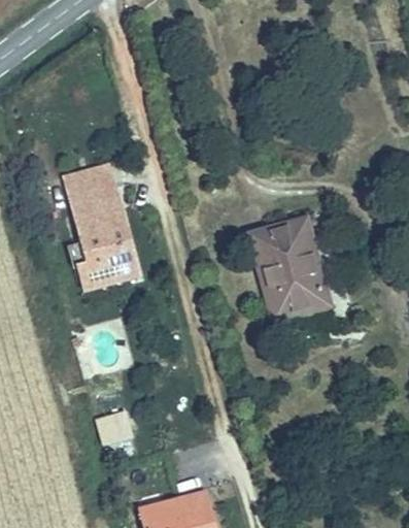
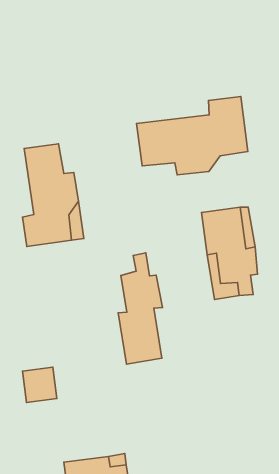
building: none -> [136,97,248,175]
building: none -> [118,253,163,364]

